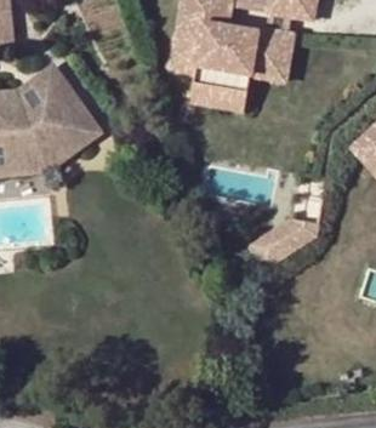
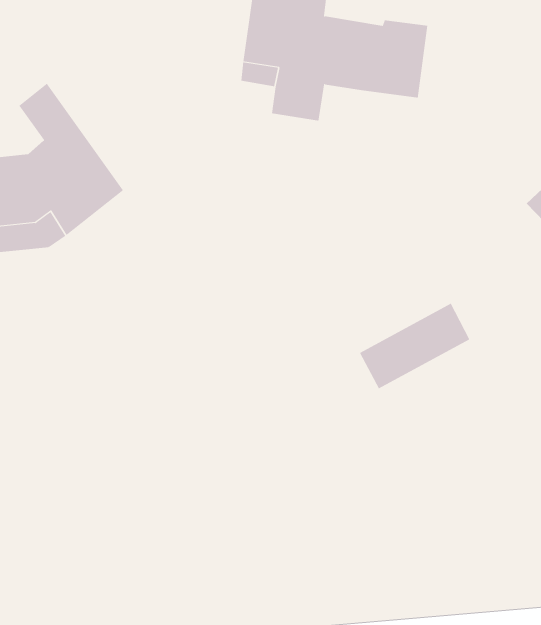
building: [193,69,252,108] -> none

